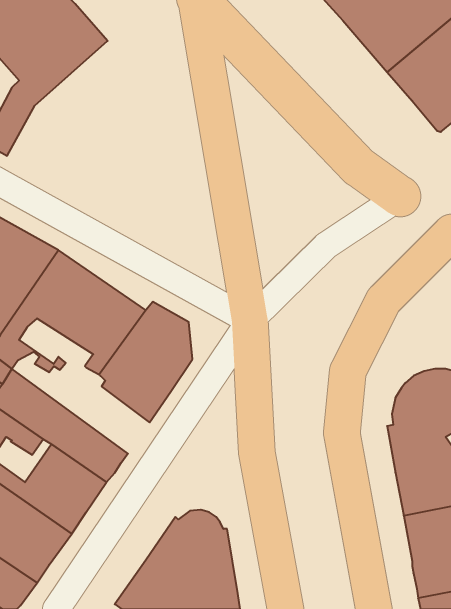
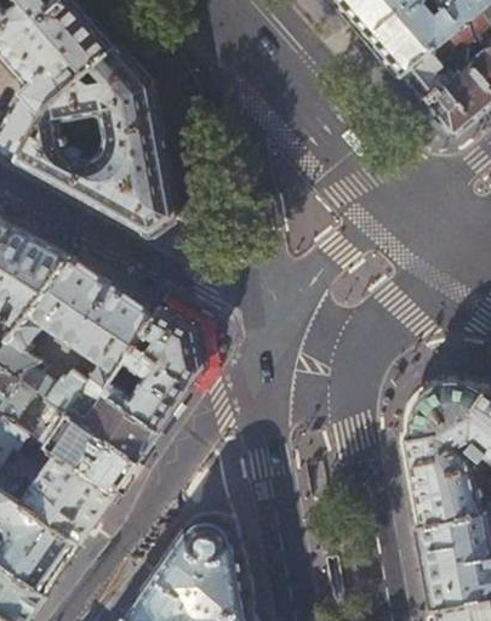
building: none -> [12,44,173,235]
building: none -> [17,359,156,462]

